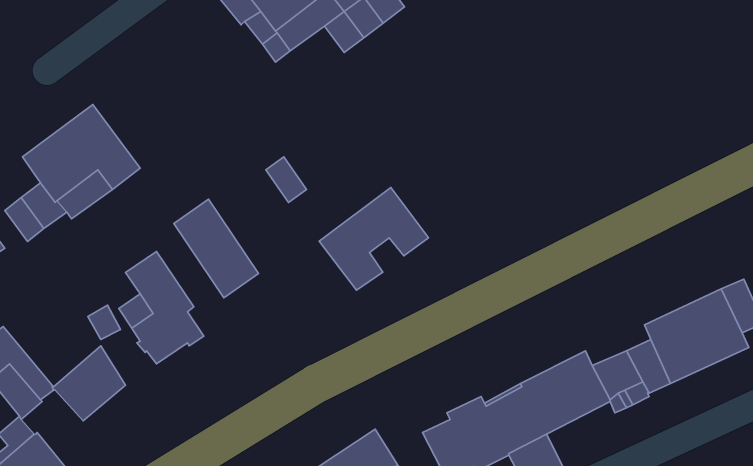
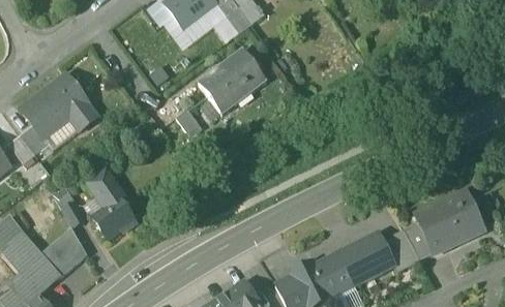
building: [319,187,428,290] -> [198,49,267,114]
building: [174,199,259,298] -> none
building: none -> [21,256,60,294]

